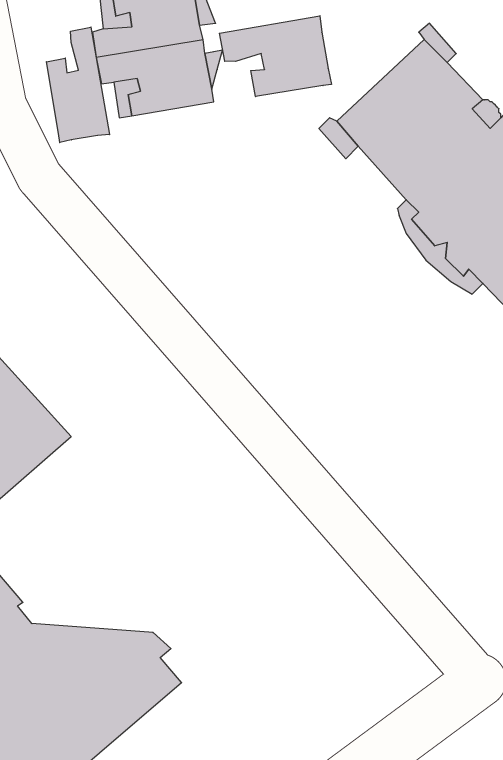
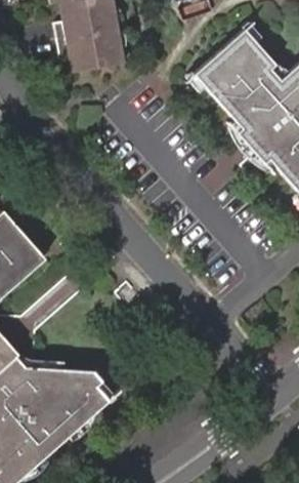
building: [219,16,331,97] -> none
building: [46,27,110,143] -> none

